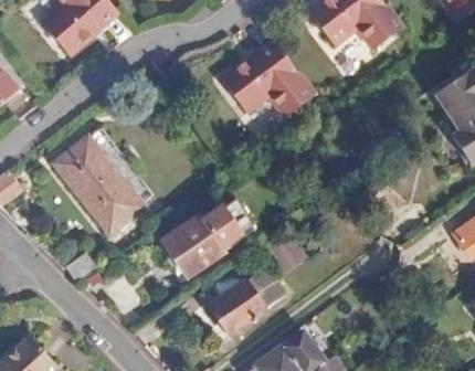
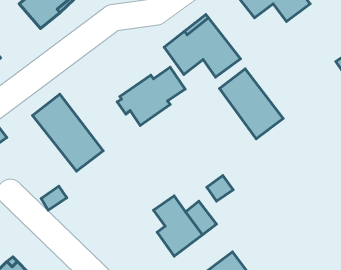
building: none -> [219,69,283,139]
building: [157,205,242,278] -> [117,67,185,126]

